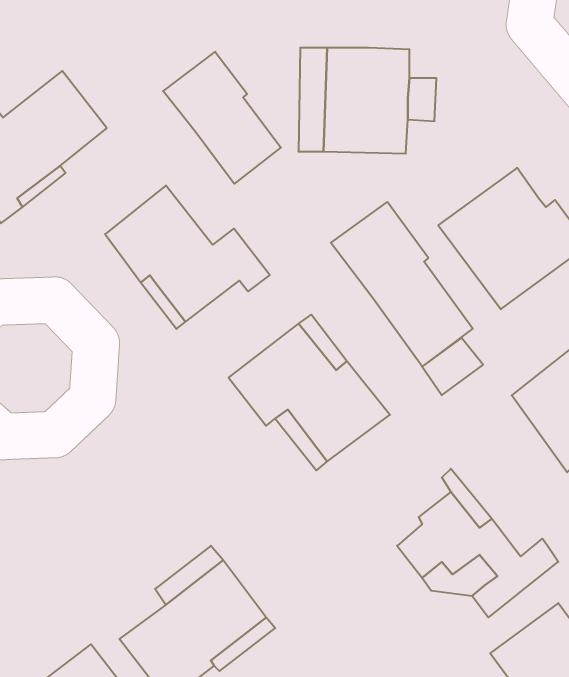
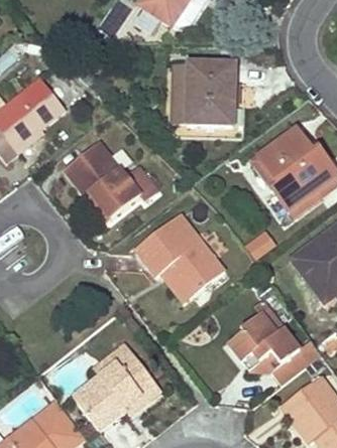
building: [163,52,281,184] -> none
building: [331,202,473,366] -> none

